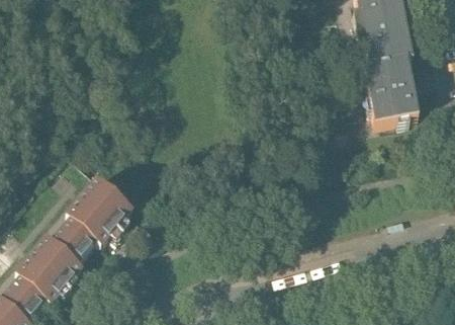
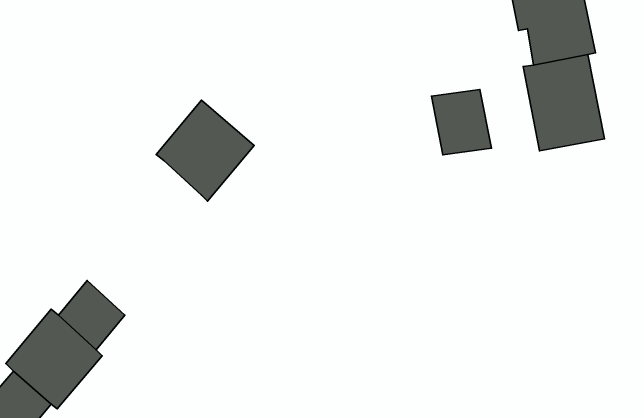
building: none -> [431,90,491,155]
building: [69,176,134,244] -> [156,100,254,201]

